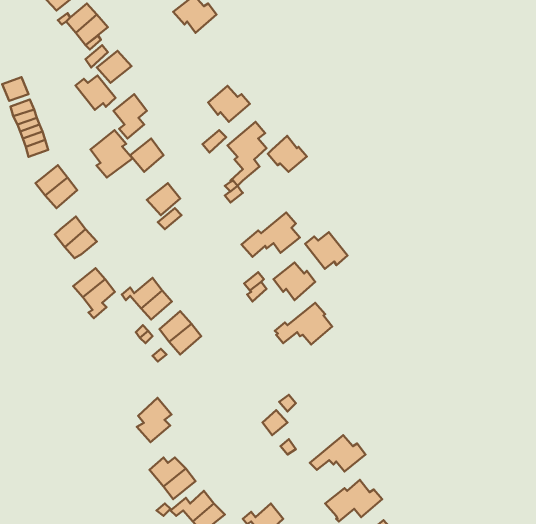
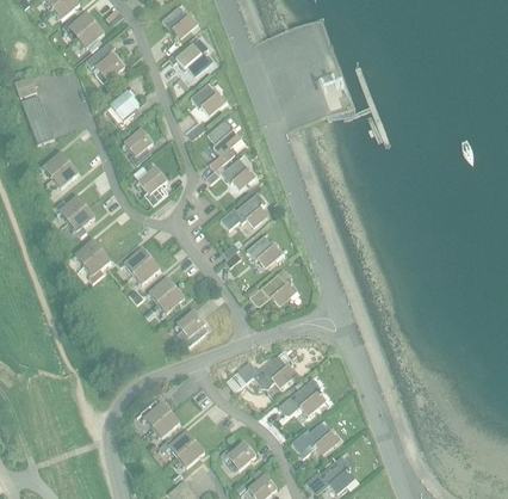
building: none -> [167,38,211,76]
building: [76,75,116,110] -> none
building: [90,130,132,177] -> none
building: [268,136,307,172] -> [221,158,254,189]
building: [305,232,347,269] -> none
building: none -> [260,351,296,387]
building: [137,398,172,442] -> [175,309,205,347]

